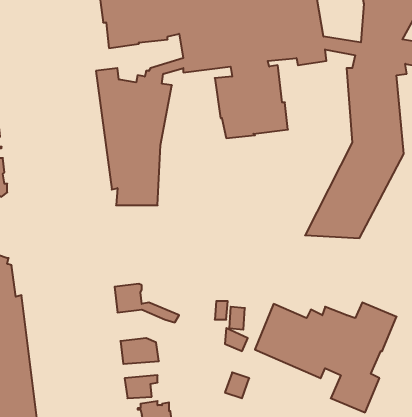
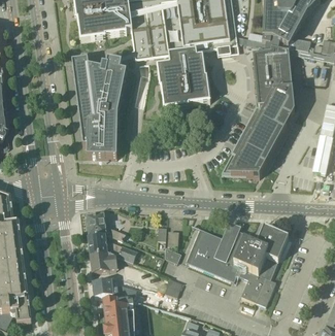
building: none -> [88,233,138,262]

